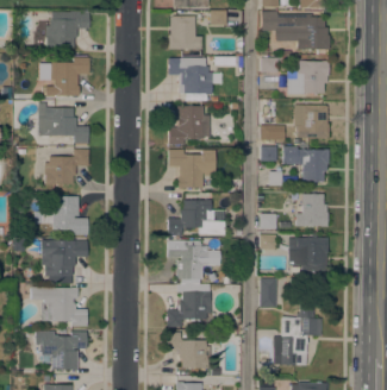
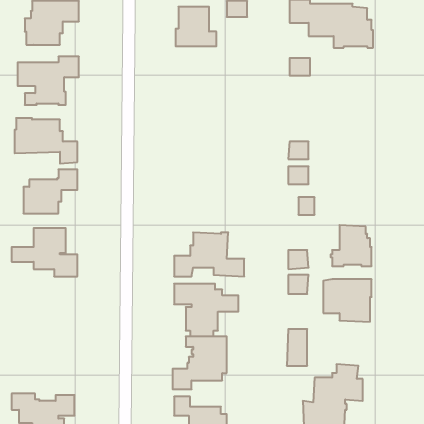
building: [168,58,213,94] -> none
building: [287,61,329,94] -> none
building: [294,105,327,138] -> none
building: [168,106,206,144] -> none
building: [282,146,327,182] -> none
building: [168,150,214,188] -> none
building: [40,240,87,276] -> none
building: [31,288,87,326] -> none

